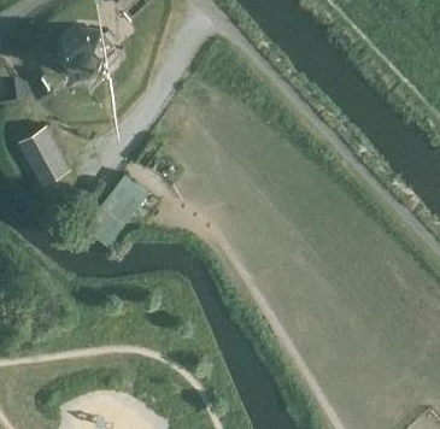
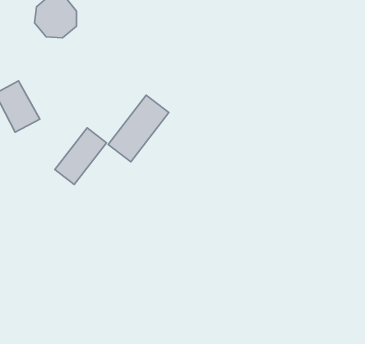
building: none -> [108,95,169,162]

